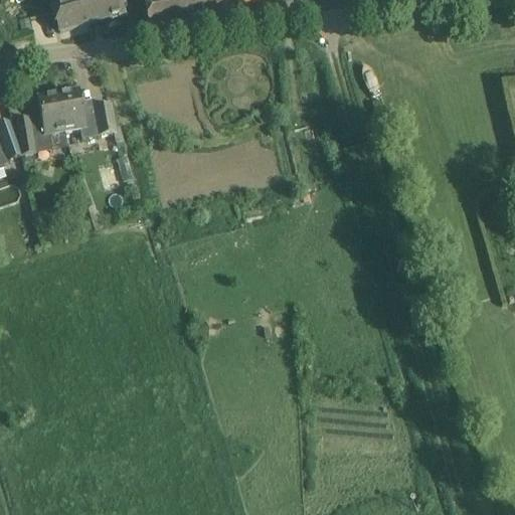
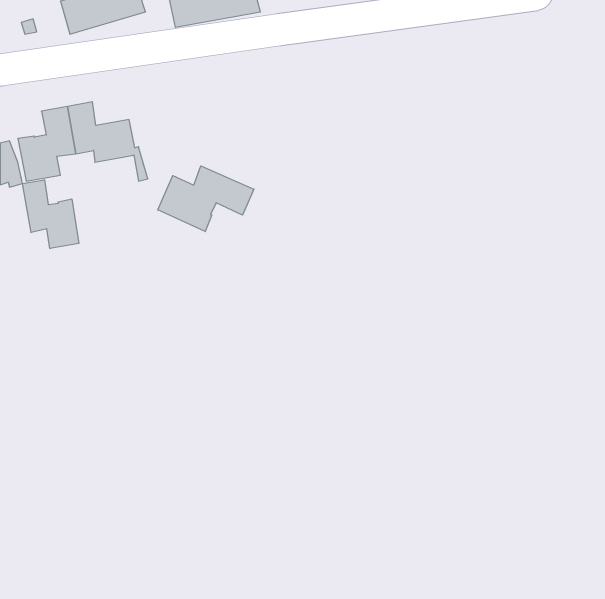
building: none -> [158,166,254,232]
building: none -> [22,180,79,249]

